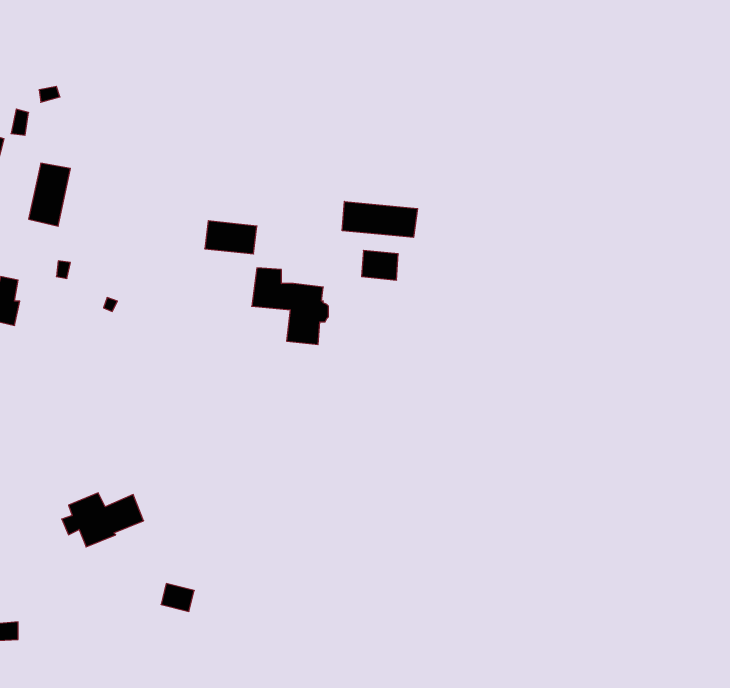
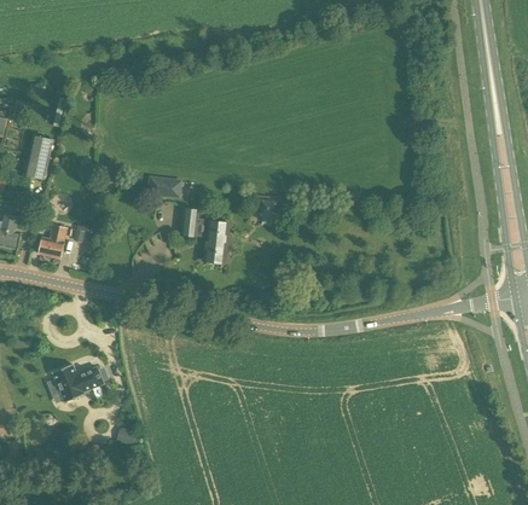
building: [342,201,418,237] -> none
building: none -> [39,222,66,255]

